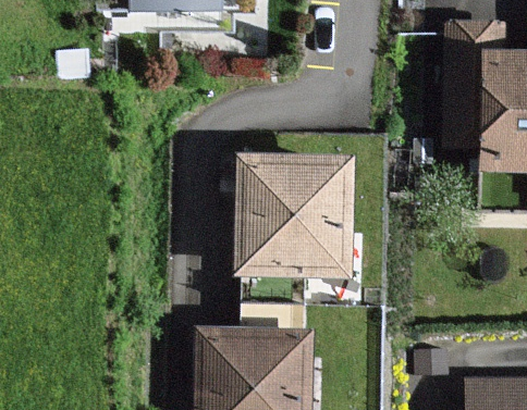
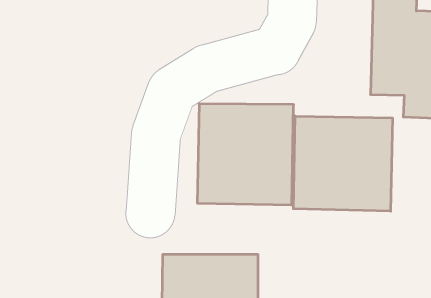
building: none -> [293,116,392,211]

